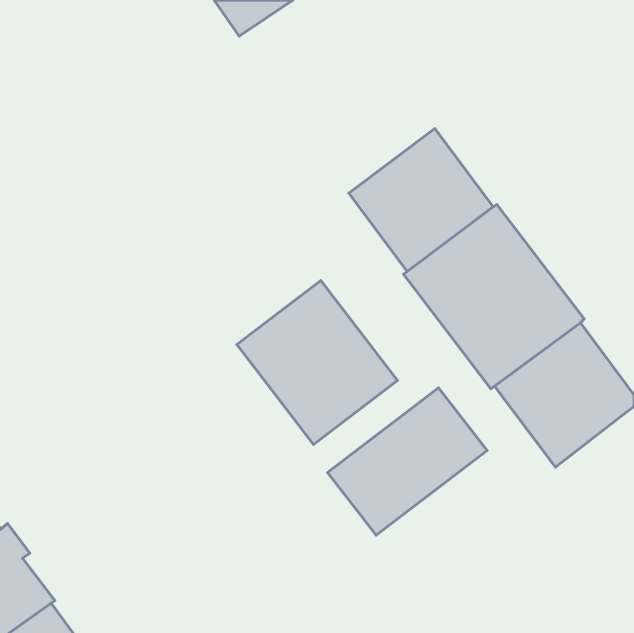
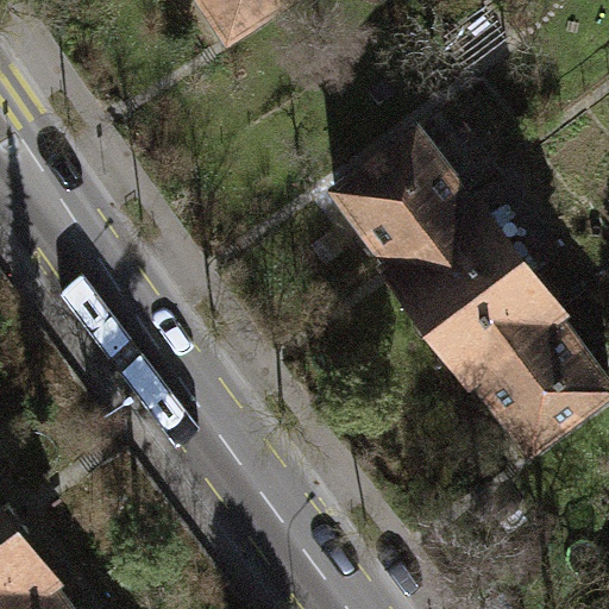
building: [237,280,397,444] -> none
building: [328,388,487,535] -> none

